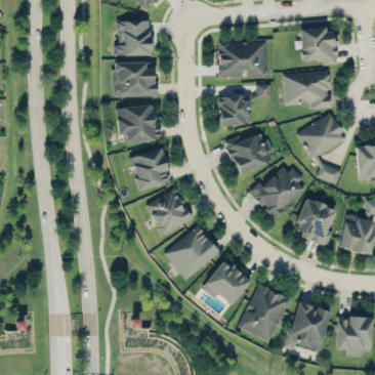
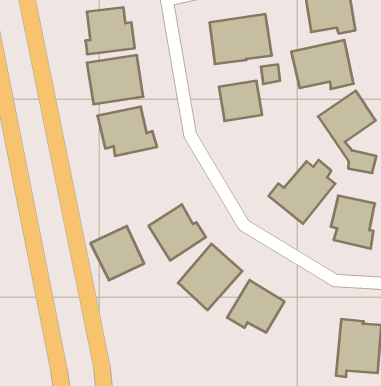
building: [226,134,275,172] -> none
building: [129,148,171,191] -> [91,226,144,280]
building: [238,284,290,342] -> none

